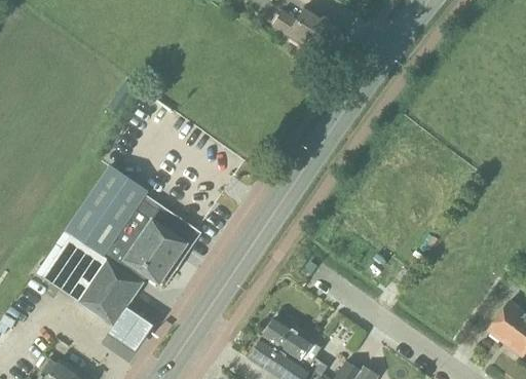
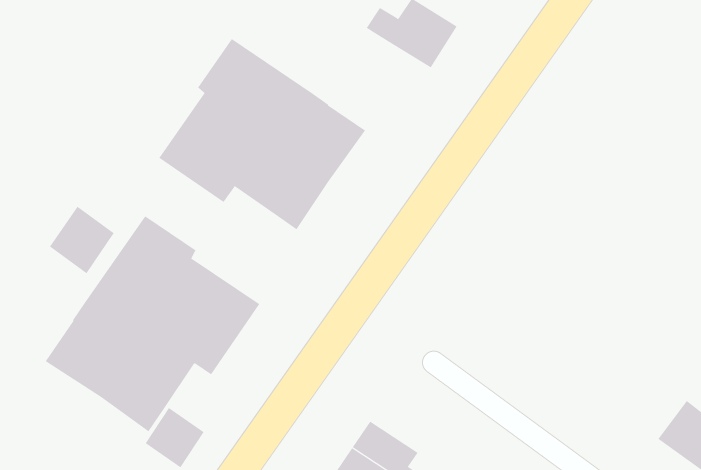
building: none -> [158,38,366,230]
building: none -> [49,206,115,274]

